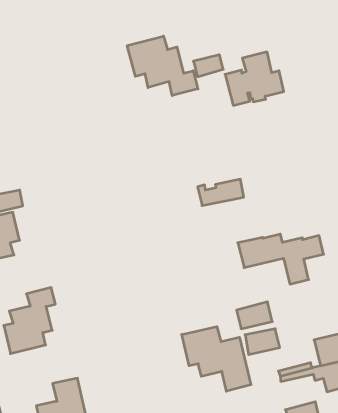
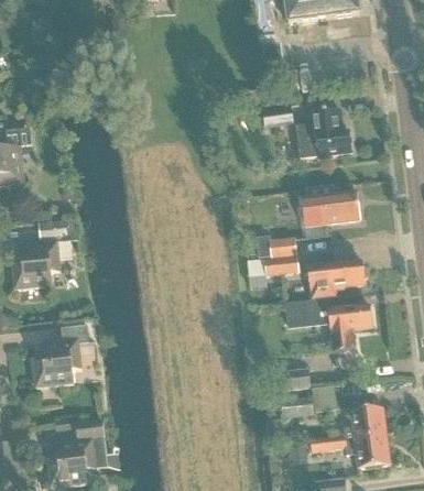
building: [127,36,198,96] -> none
building: none -> [302,184,360,223]
building: none -> [308,261,366,301]
building: none -> [248,255,300,276]
building: [182,327,251,391] -> none

